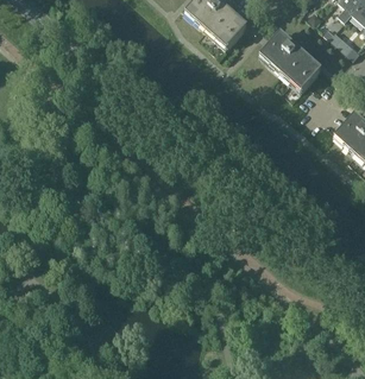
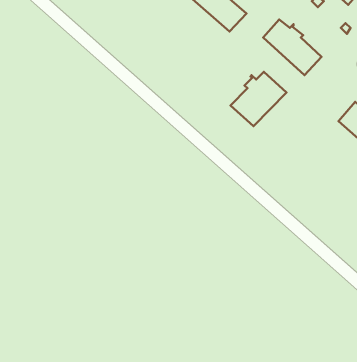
building: none -> [231,72,287,126]

